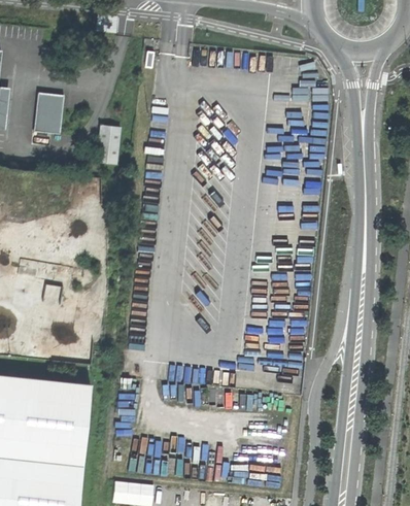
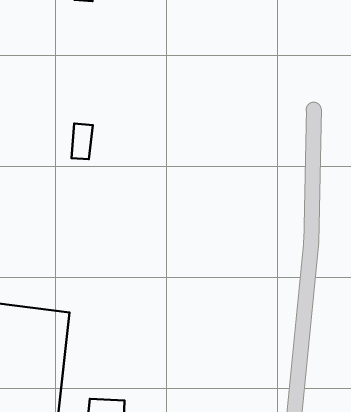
building: [34,95,65,136] -> none
building: [99,126,123,166] -> [72,123,93,159]

